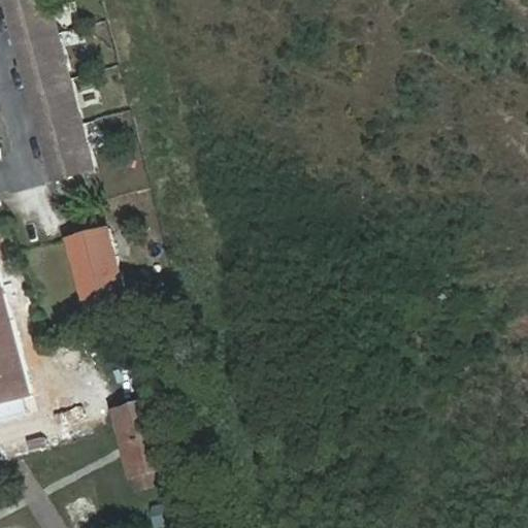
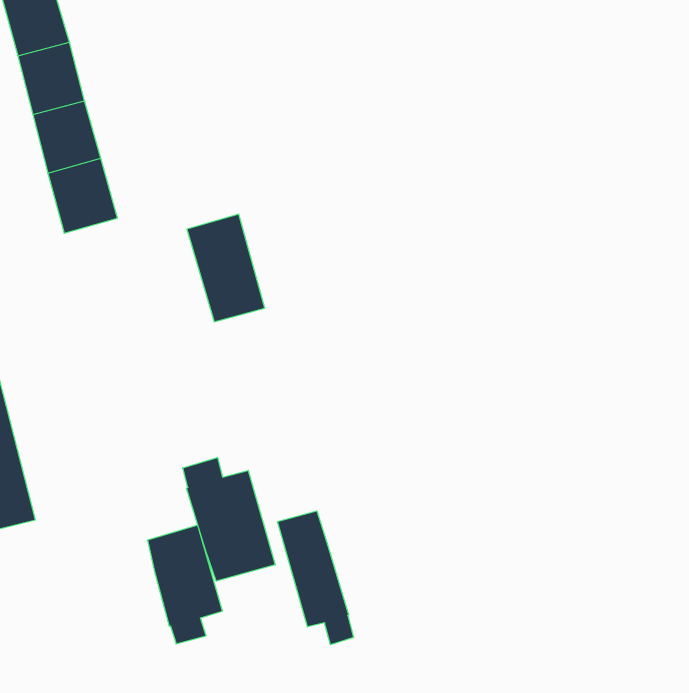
building: [65,226,124,307] -> [187,214,265,322]
building: none -> [183,457,275,581]
building: none -> [277,511,354,645]

